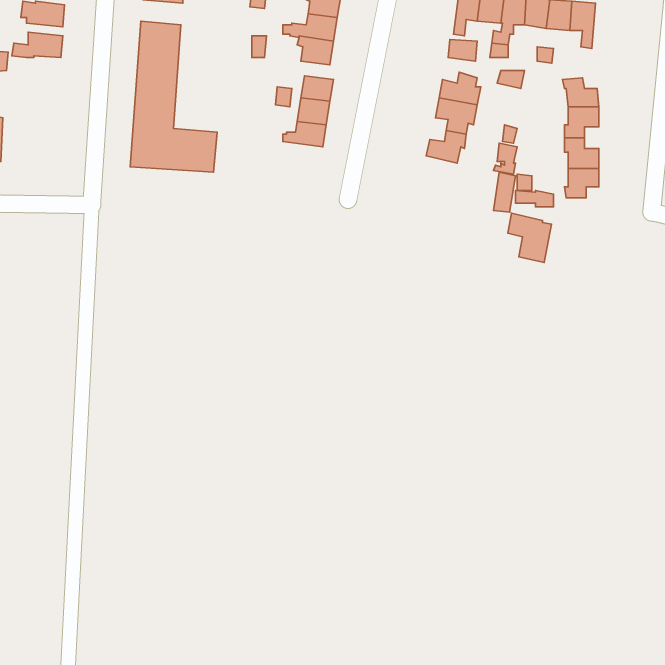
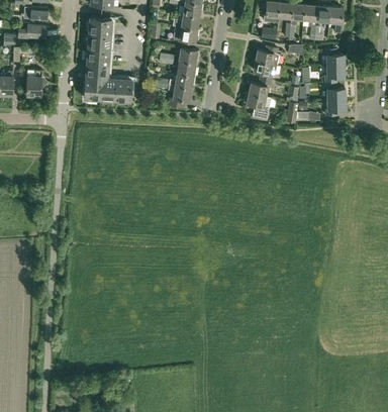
building: none -> [26,71,44,97]
building: none -> [168,85,191,108]
building: [508,213,551,262] -> [247,93,271,120]

